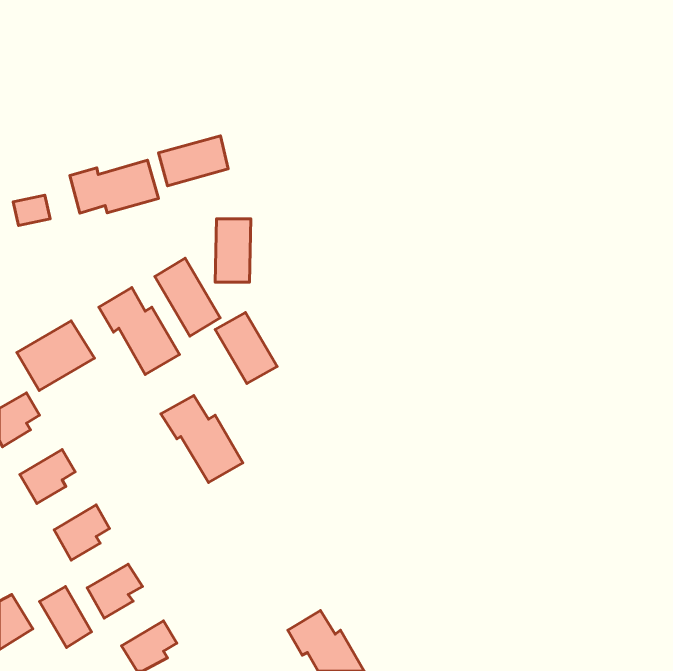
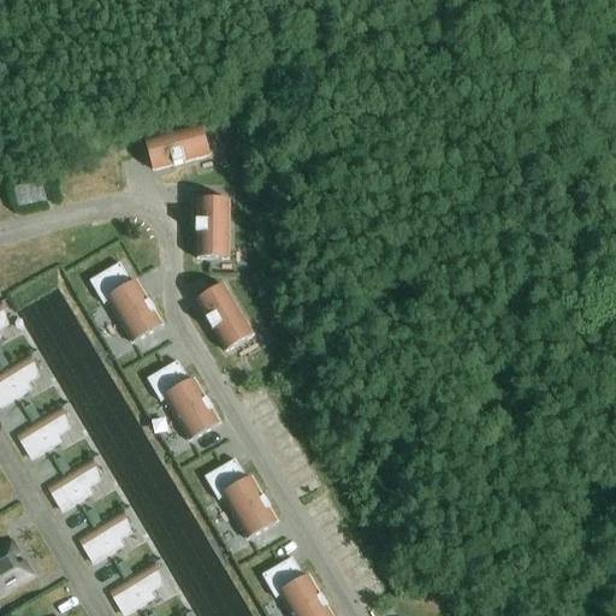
building: [70,160,158,213] -> none
building: [155,258,220,336] -> none
building: [17,321,94,391] -> none
building: none -> [206,458,279,539]
building: [40,587,92,648] -> none

